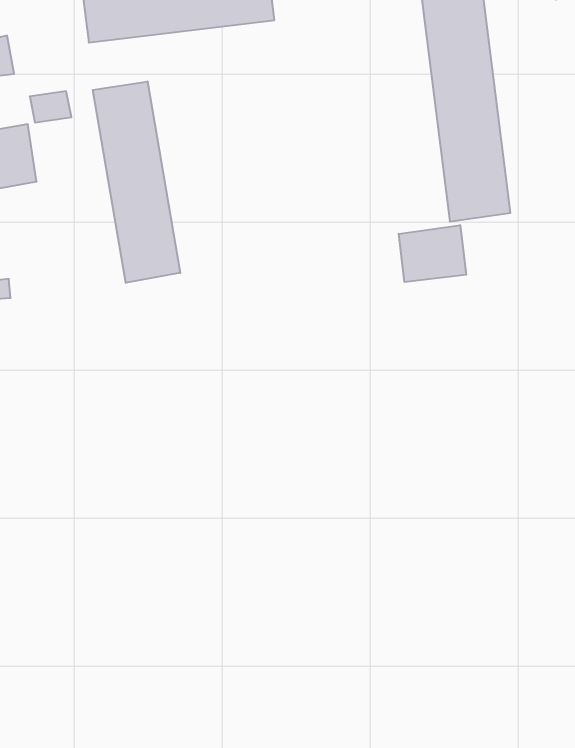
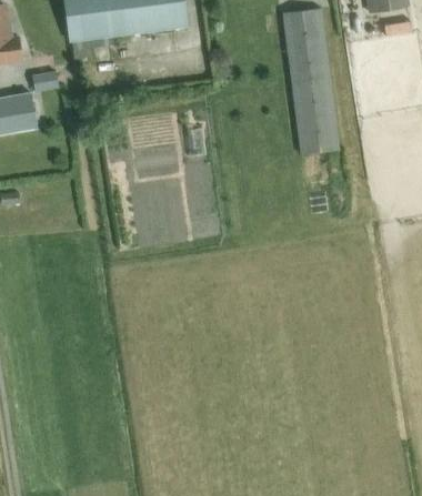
building: [93,81,180,283] -> none
building: [399,225,466,282] -> none

